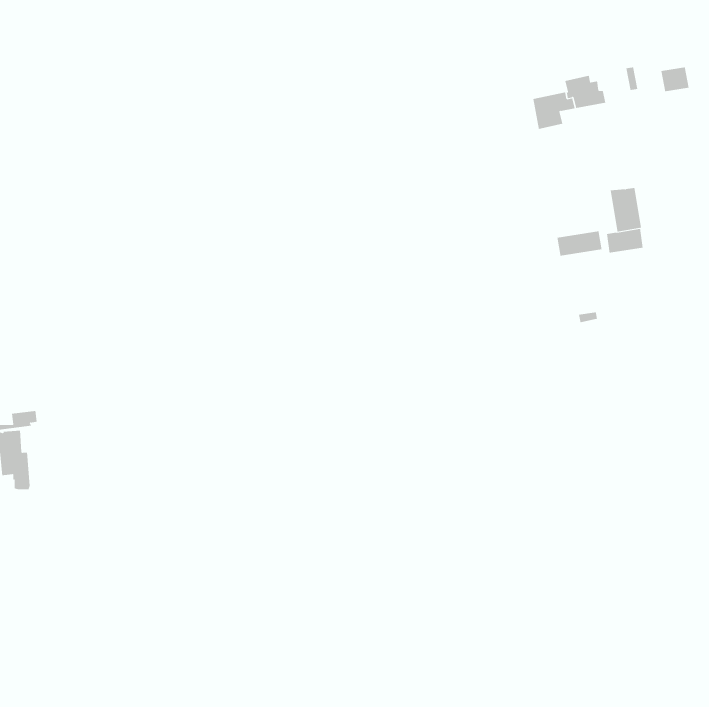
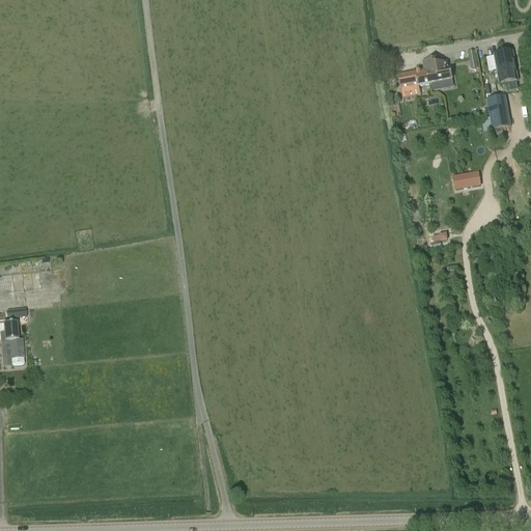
building: none -> [492,65,518,90]
building: [610,188,642,232] -> [485,95,509,129]
building: [557,231,602,257] -> none

